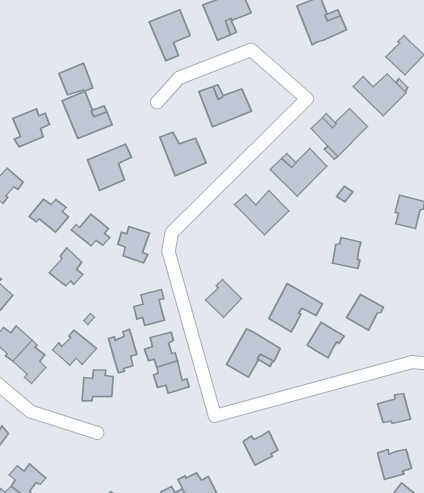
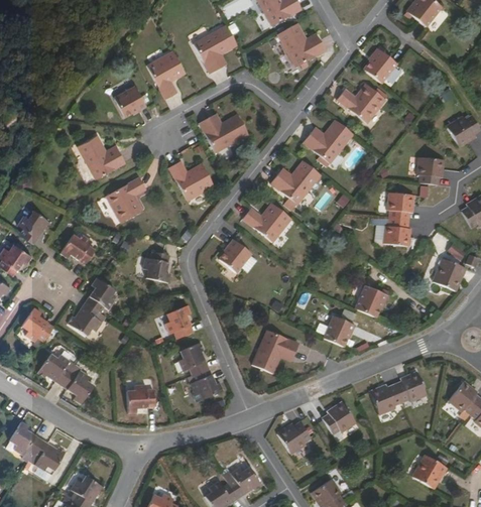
building: [59,63,93,95] -> [113,85,145,115]
building: [13,109,49,147] -> none
building: [71,214,110,246] -> none
building: [333,237,361,269] -> [385,220,409,246]
building: [206,279,242,318] -> [220,240,252,274]
building: [269,283,323,332] -> none
building: [108,329,137,373] -> none
building: [53,330,96,365] -> [67,301,106,334]
building: none -> [322,401,354,432]
building: [378,450,412,479] -> [368,384,400,413]

